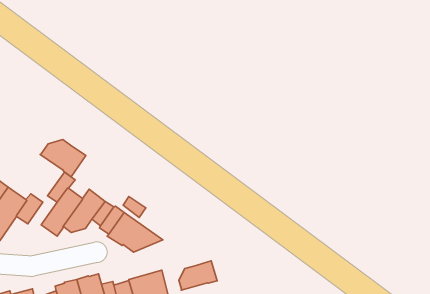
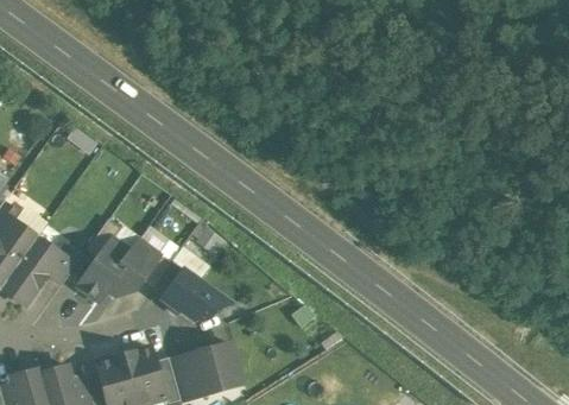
building: [40,139,86,177] -> none
building: [179,261,217,290] -> none

